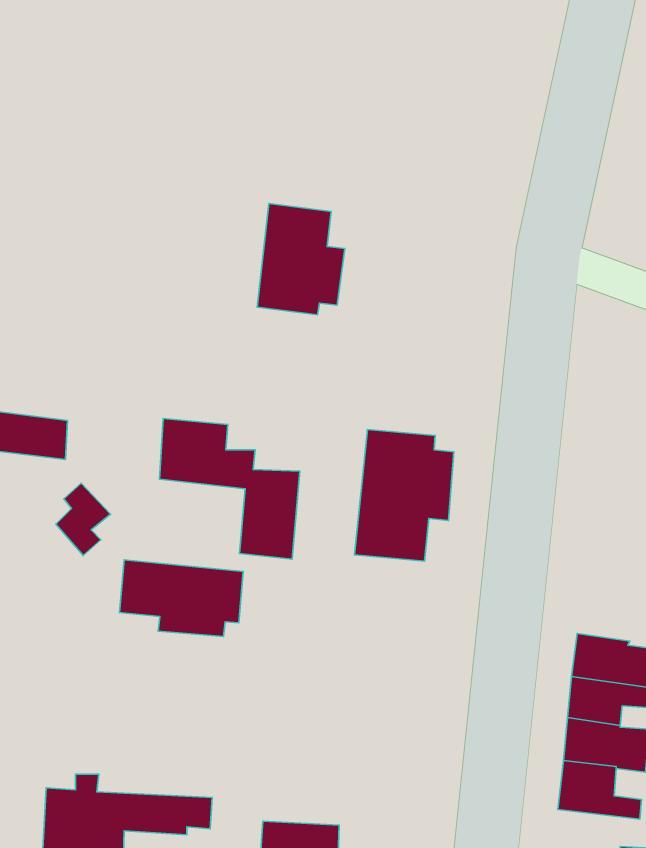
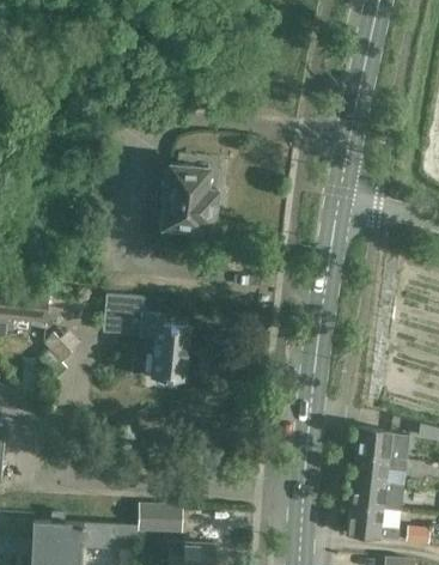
building: [355,430,454,561] -> none
building: [119,560,243,637] -> none
building: none -> [139,505,183,533]

